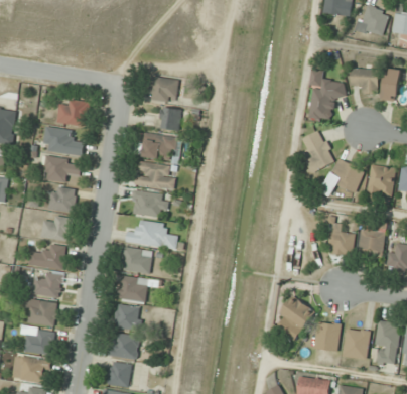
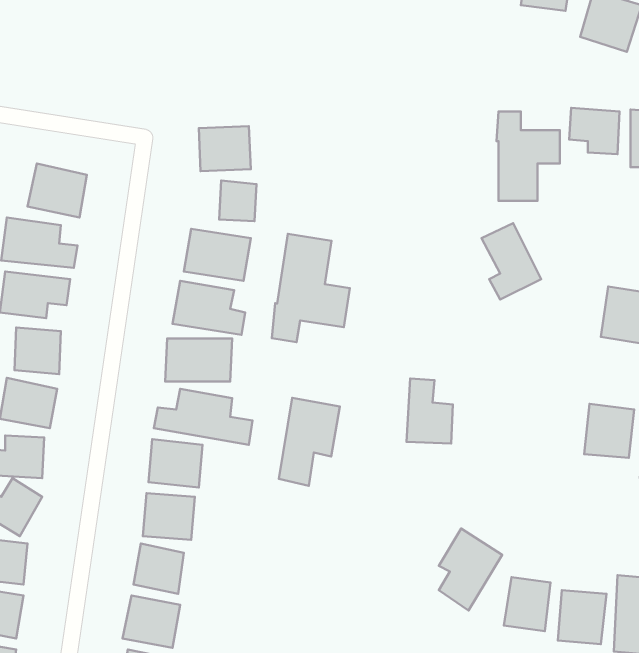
building: none -> [272,234,350,342]
building: [332,159,364,191] -> none
building: [328,220,354,255] -> [406,378,453,444]
building: none -> [279,398,340,486]

